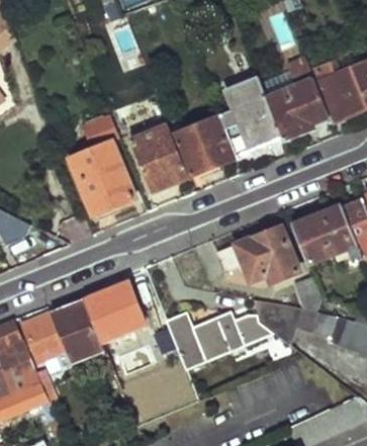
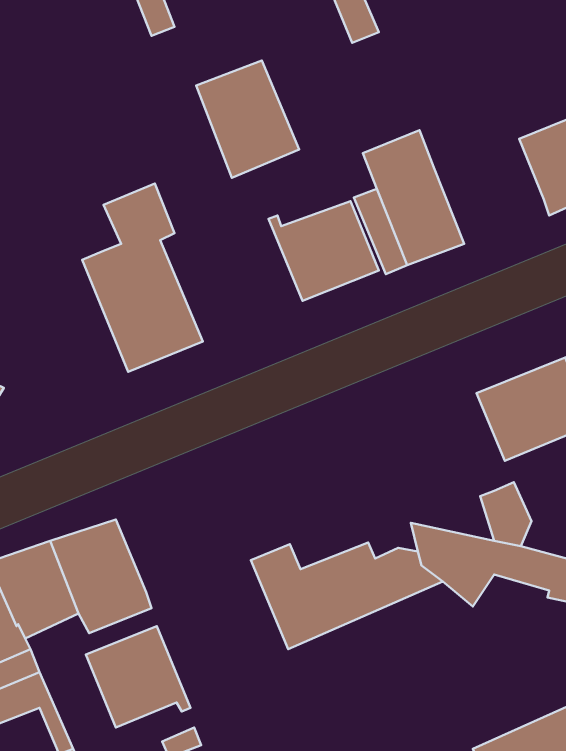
building: [266,57,329,141] -> none
building: [129,123,188,190] -> [196,61,299,178]
building: [215,226,297,283] -> none
building: [85,281,145,339] -> [86,626,191,727]

